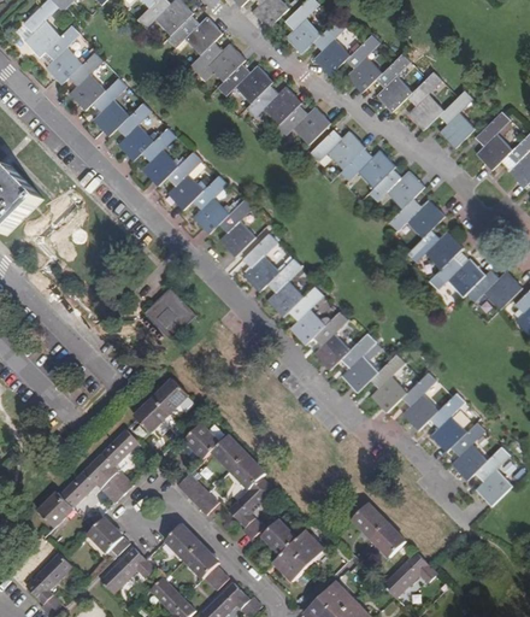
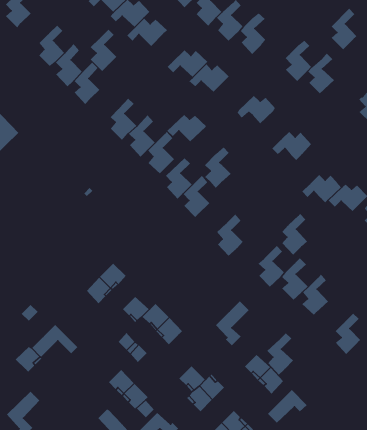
building: [45,24,82,83] -> none
building: [375,52,412,110] -> none
building: [217,63,272,102] -> none
building: [475,111,511,169] -> [331,8,357,50]
building: [141,127,178,186] -> [90,29,117,72]
building: [310,129,365,168] -> [167,114,207,142]
building: [367,169,424,207] -> none
building: [406,229,461,269] -> none
building: [288,286,325,343] -> [204,147,231,189]
building: [143,288,195,340] -> none
building: [341,333,377,390] -> [282,213,308,255]
building: [449,421,487,480] -> [267,333,294,376]
building: [92,428,137,493] -> none
building: [228,476,275,539] -> [215,301,250,346]
building: [86,517,129,556] -> none
building: [100,547,154,593] -> none

